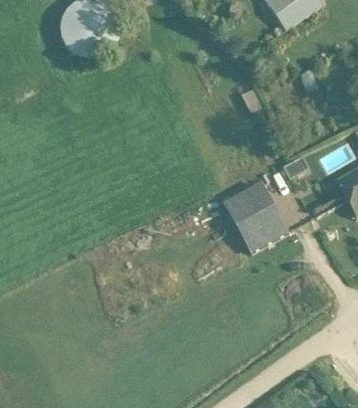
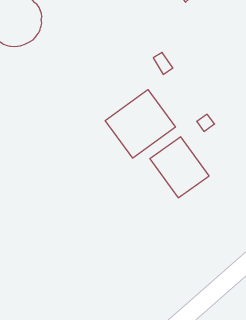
building: none -> [105,90,175,158]

